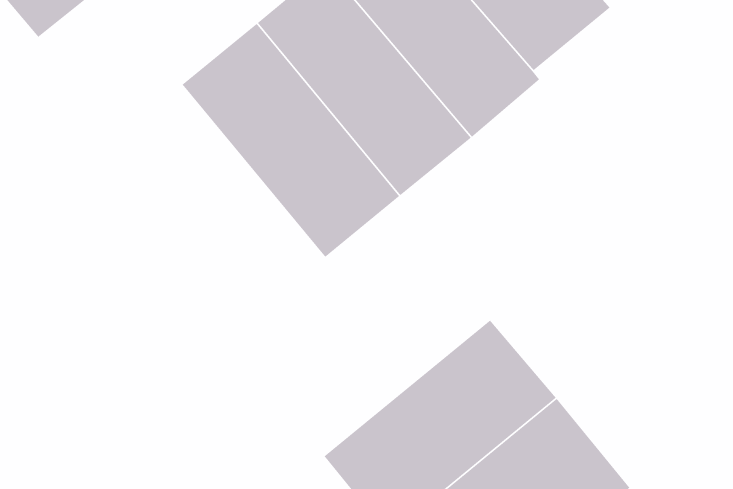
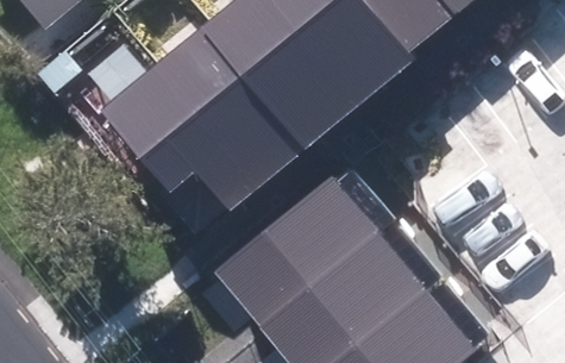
building: none -> [101,62,259,229]
building: none -> [212,173,377,327]

